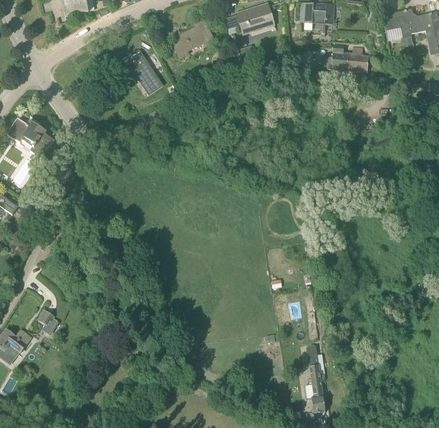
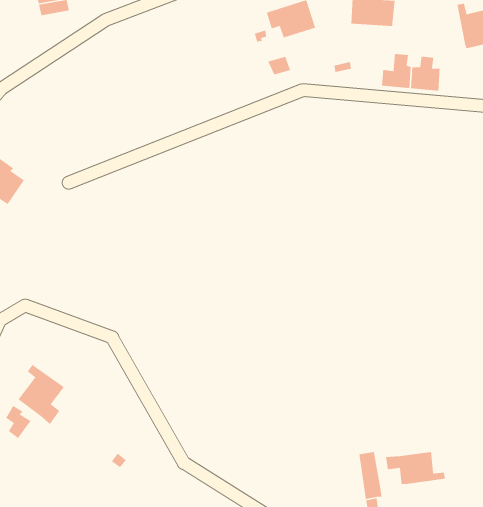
building: [173,19,214,58] -> none
building: [113,51,159,90] -> none
building: none -> [17,364,64,425]
building: none -> [385,451,446,485]

